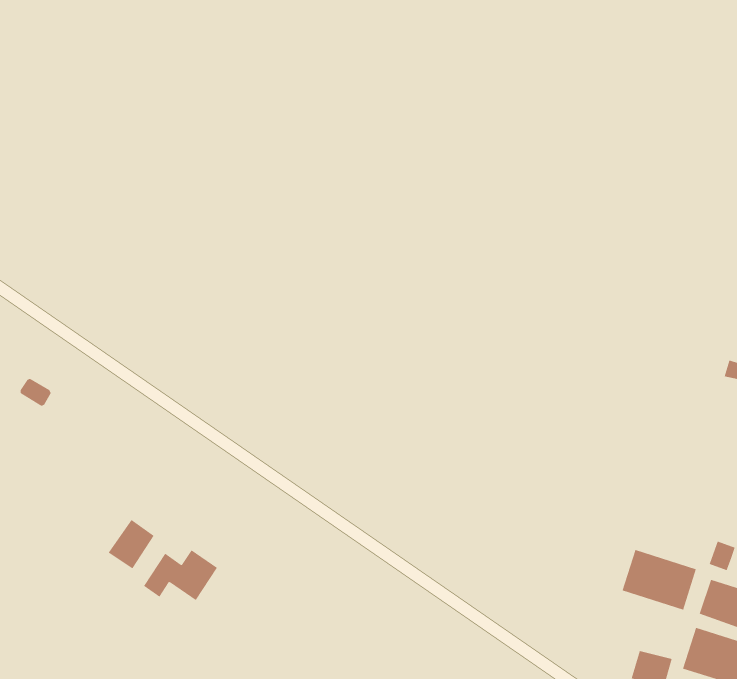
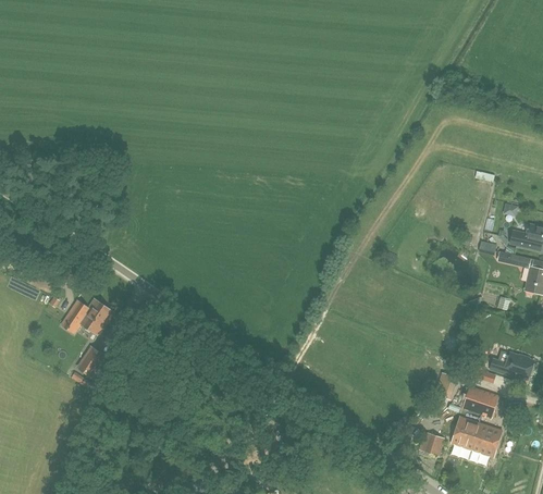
building: [622,549,697,611] -> none
building: [143,549,218,601] -> [63,299,112,333]

